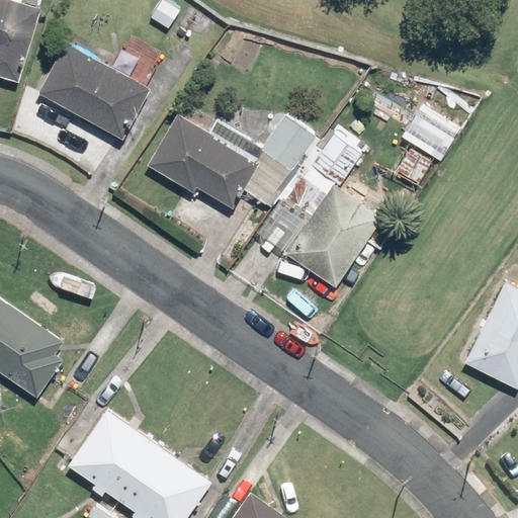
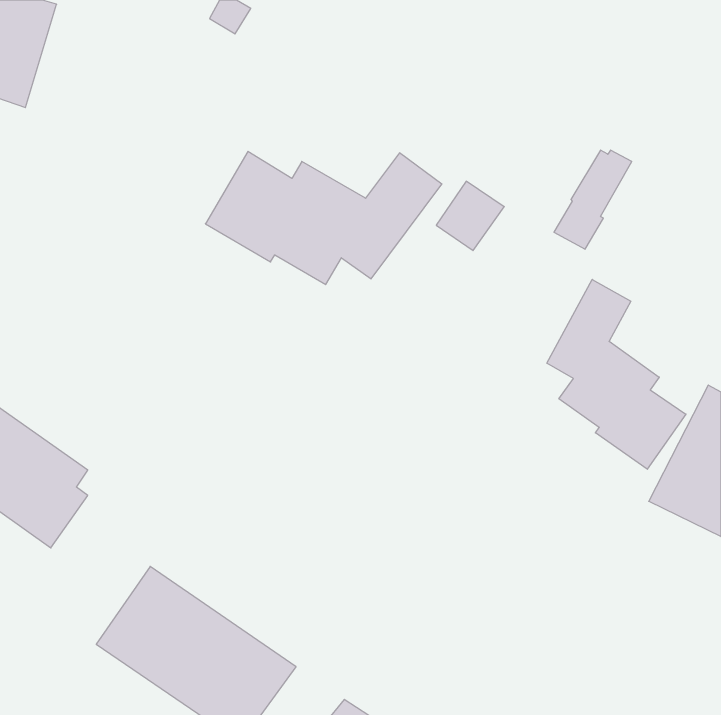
building: [37,41,159,140] -> none
building: [259,178,383,287] -> none
building: none -> [547,279,686,469]

